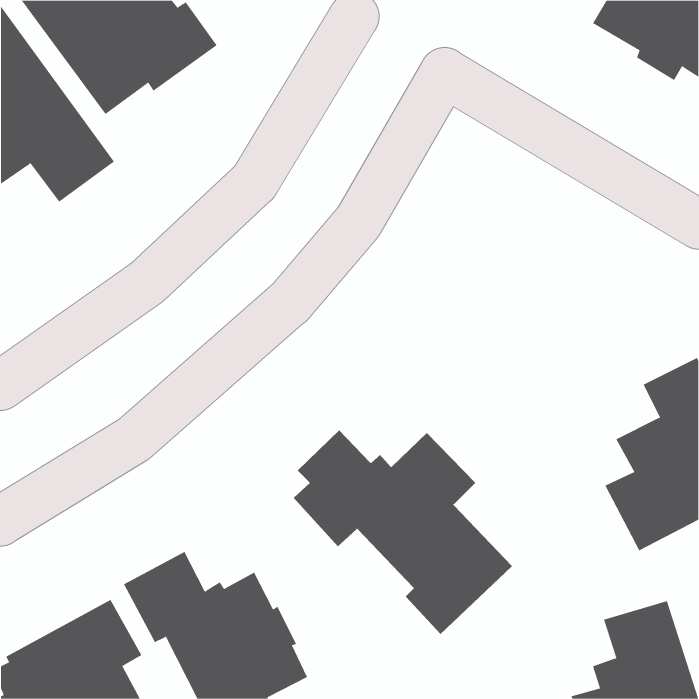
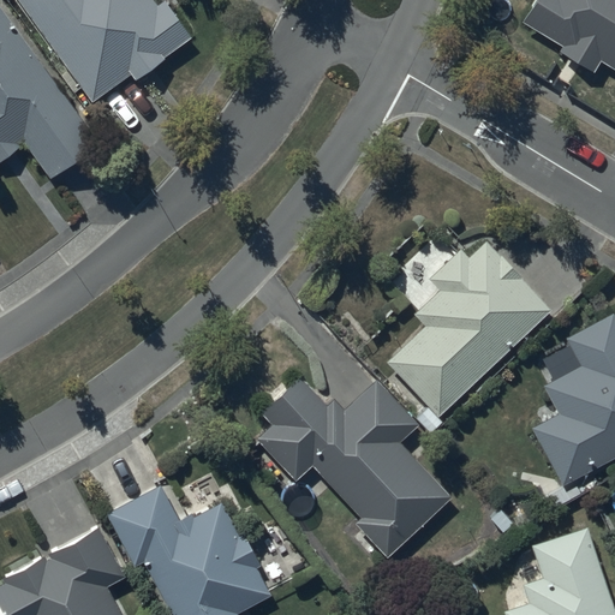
building: none -> [382,240,549,431]

